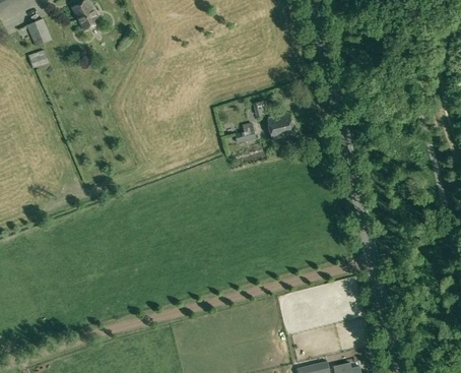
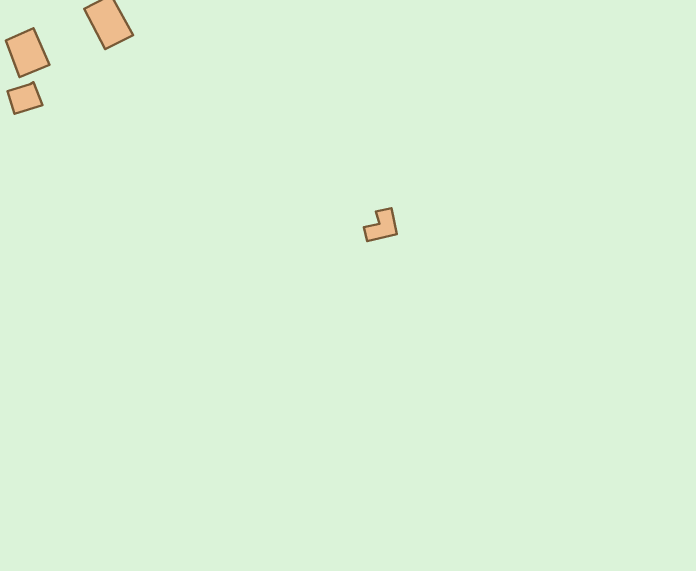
building: [268,115,294,139] -> none

